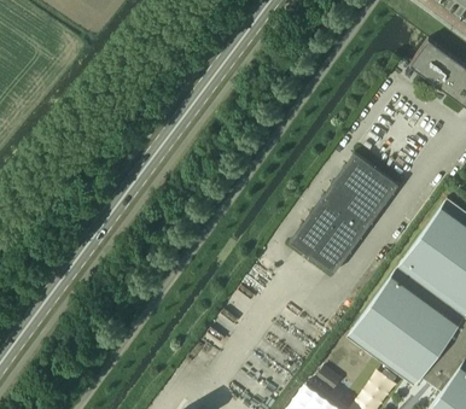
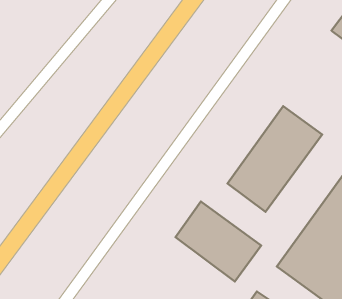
building: none -> [175,202,261,282]

